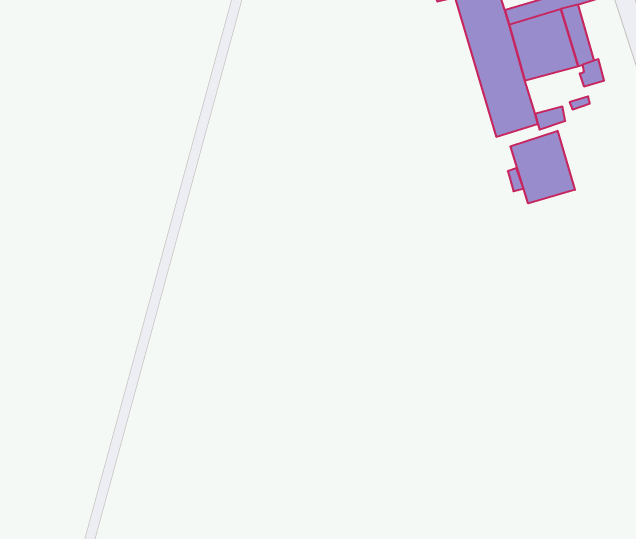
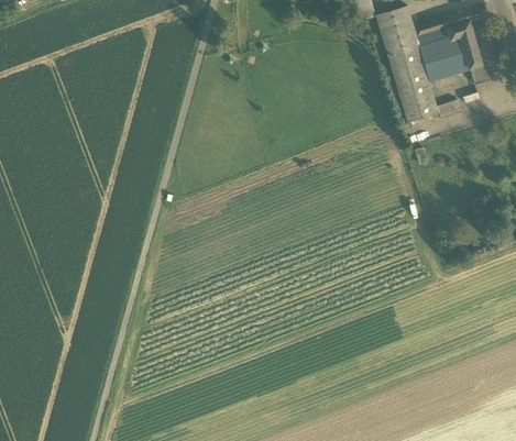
building: [510,131,575,203] -> none

